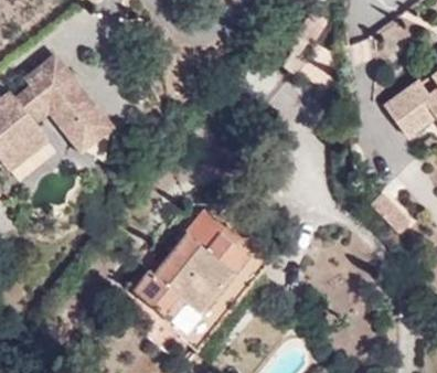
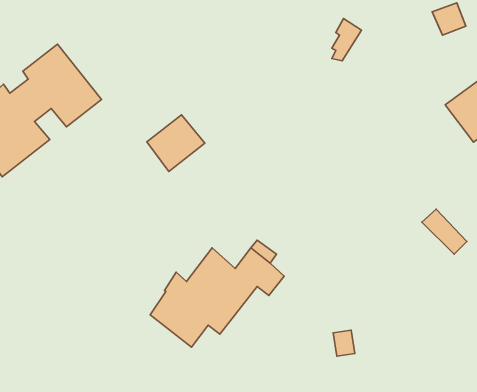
building: [62,104,111,152] -> [147,115,205,172]

